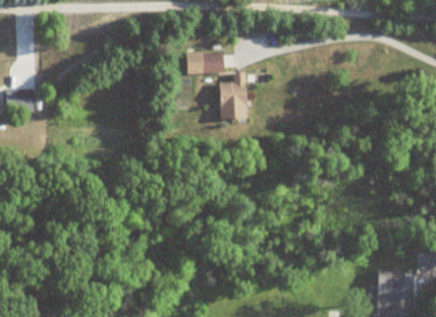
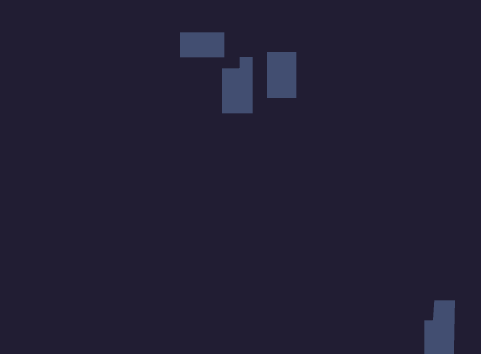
building: none -> [266,51,297,99]

